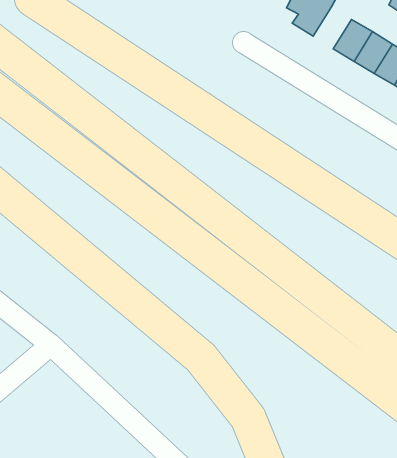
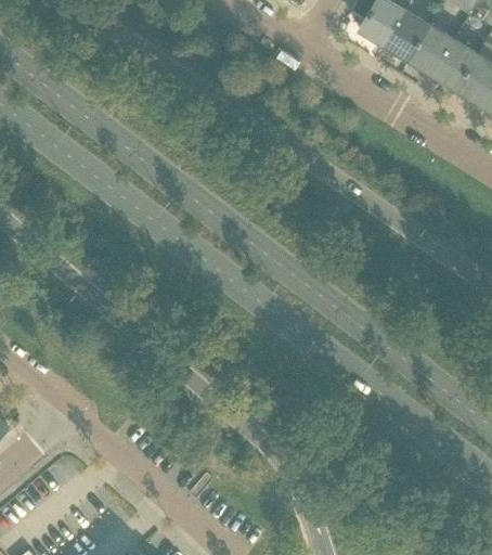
building: none -> [383,10,428,60]

